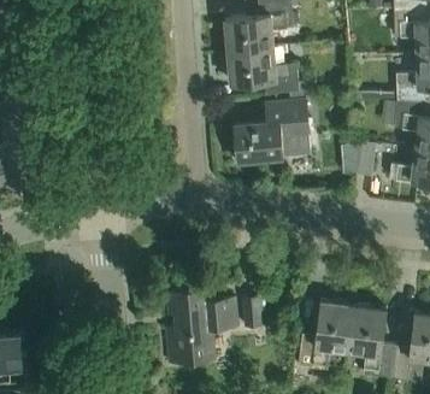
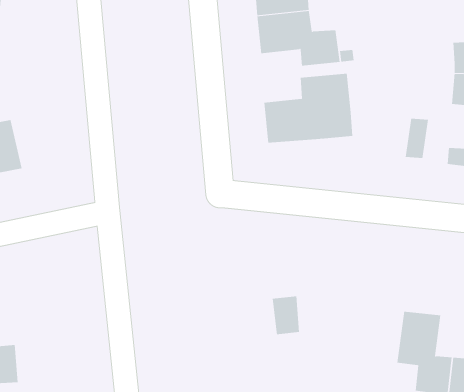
building: [164,288,236,365] -> none
building: [296,301,352,370] -> none

